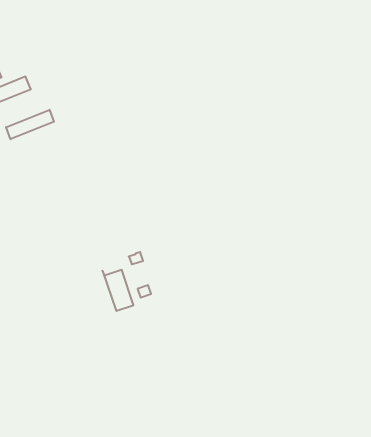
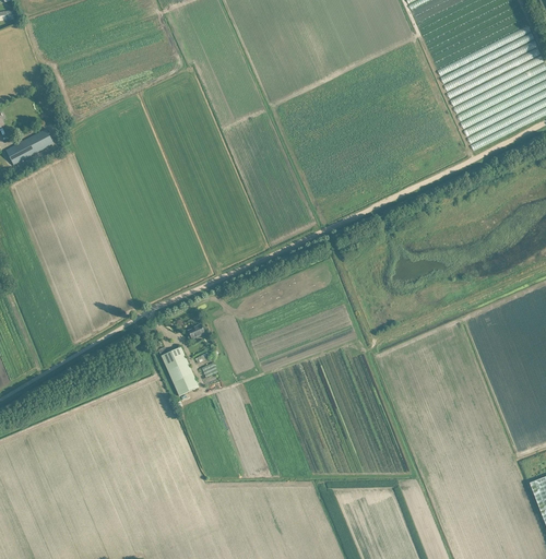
building: [6,110,54,139] -> none

